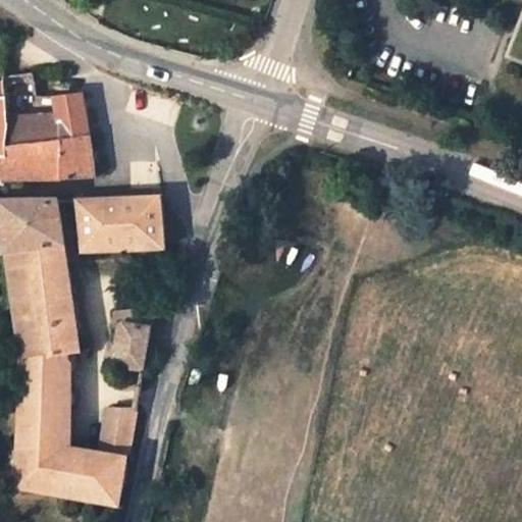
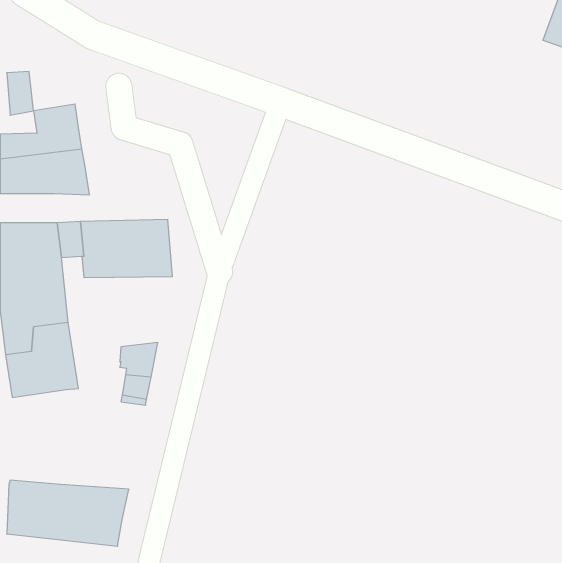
building: [18,355,69,441] -> none
building: [96,405,134,446] -> none

